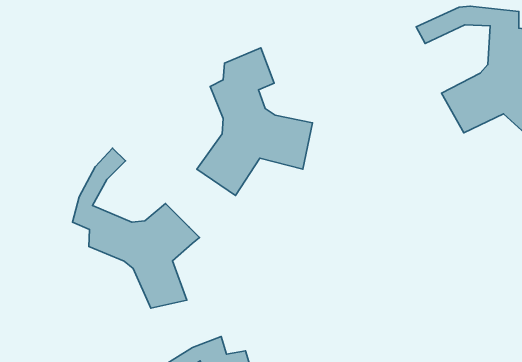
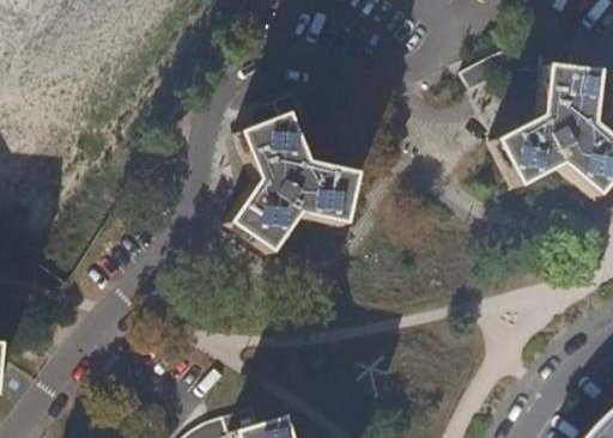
building: [72,148,199,308] -> none

